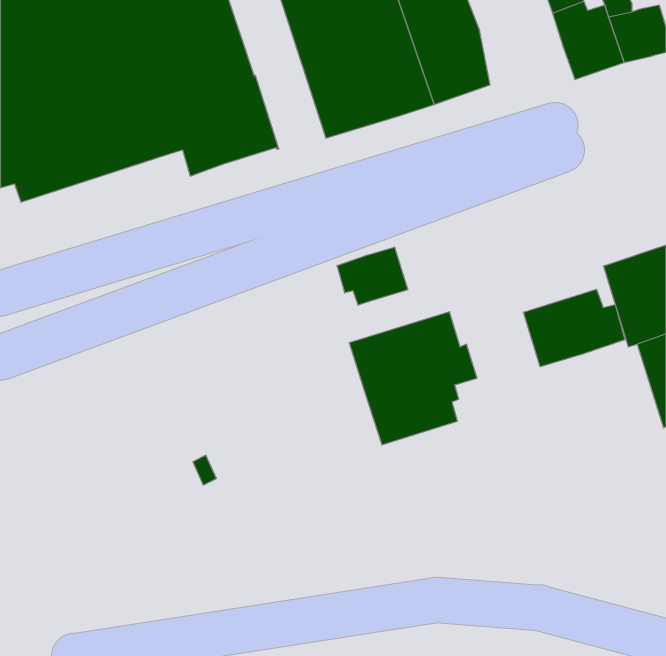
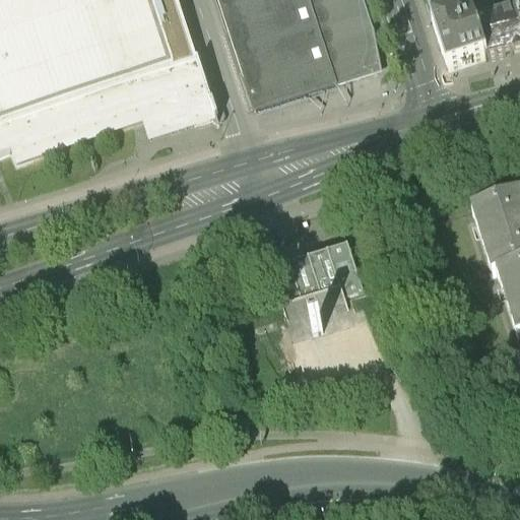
building: [337,247,408,305] -> none
building: [523,289,625,367] -> none

